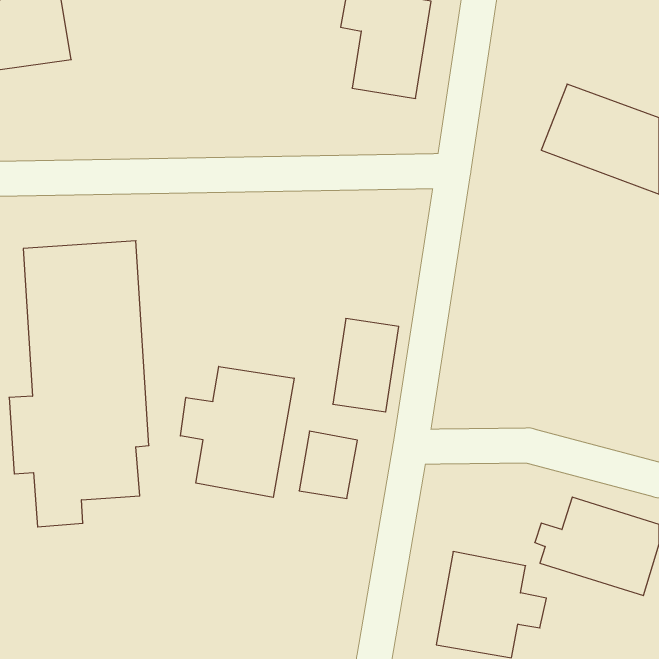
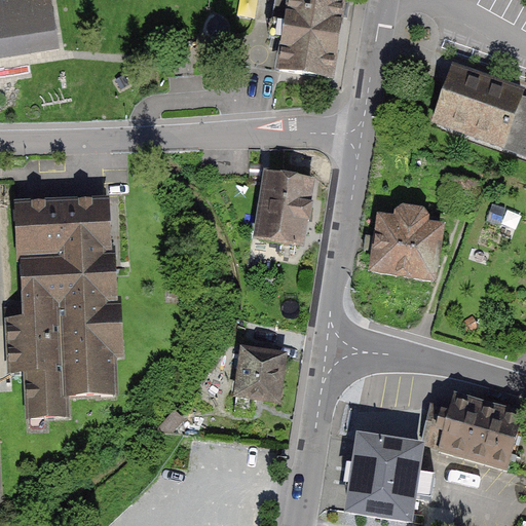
building: none -> [369,208,441,276]
building: [333,319,399,412] -> [259,163,311,237]
building: [180,366,294,497] -> none

